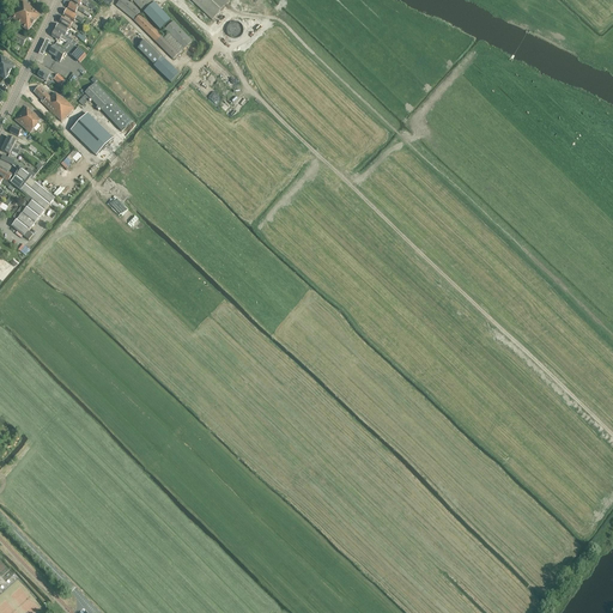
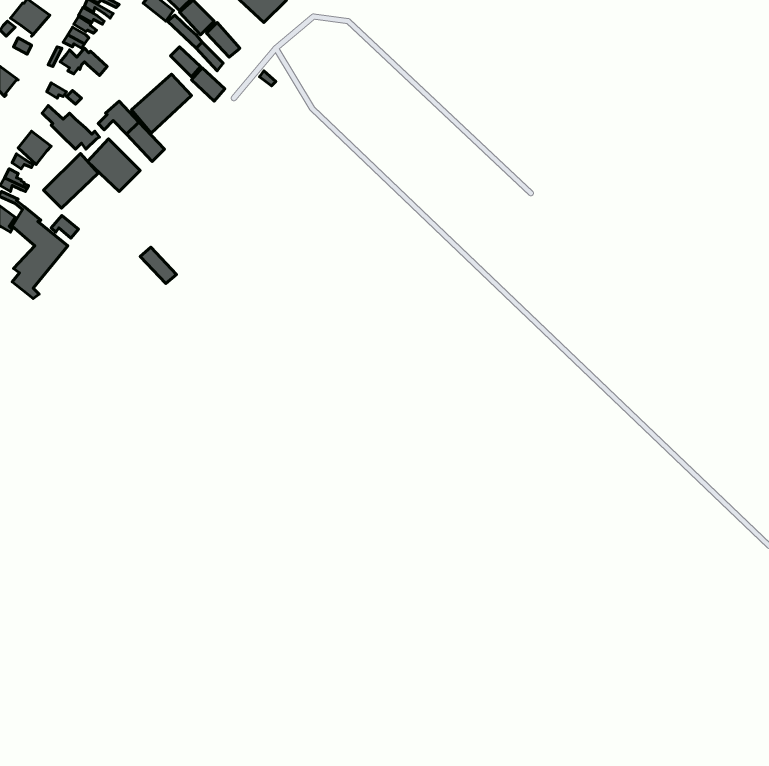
building: none -> [131,74,191,133]
building: none -> [44,154,98,208]

